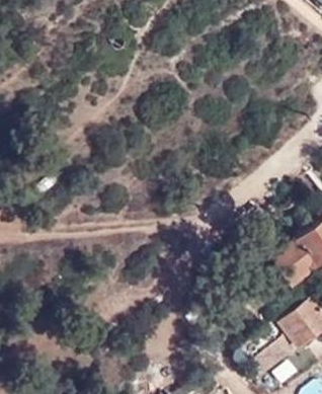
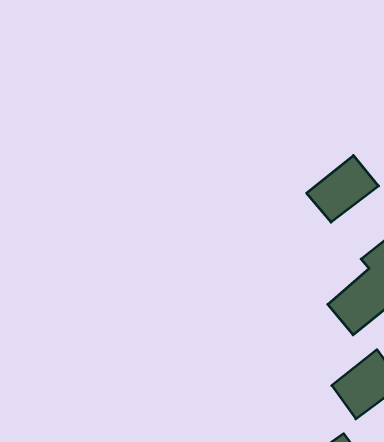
building: none -> [307,155,379,222]

